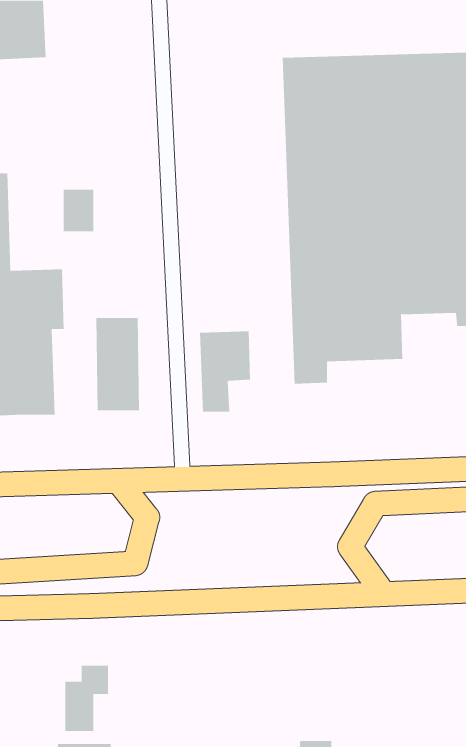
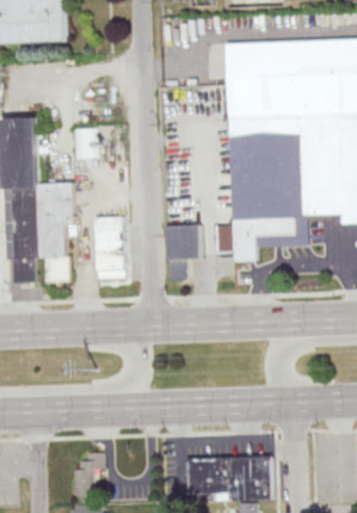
building: none -> [185,456,272,500]

